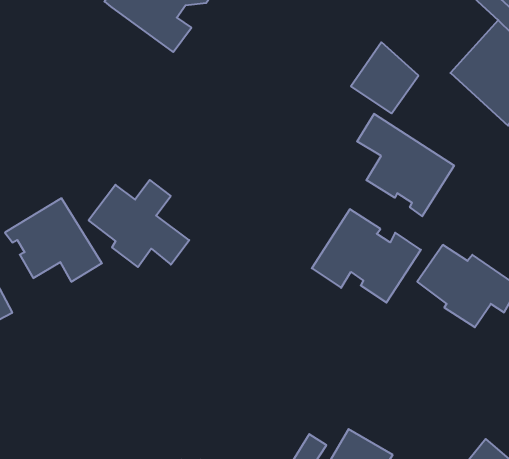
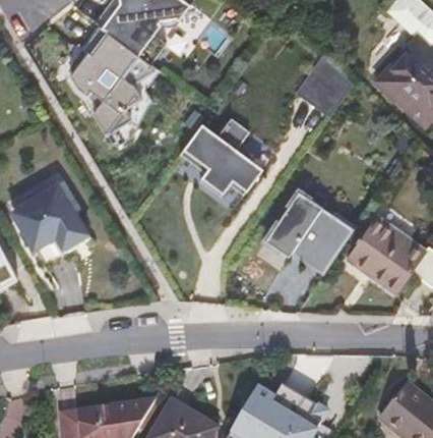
building: none -> [69,25,154,134]
building: [357,114,454,216] -> none
building: [89,180,189,267] -> [177,120,260,193]

